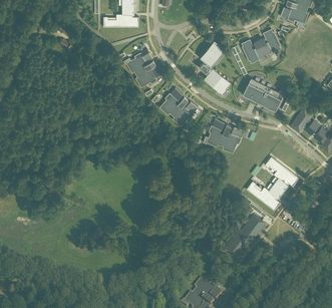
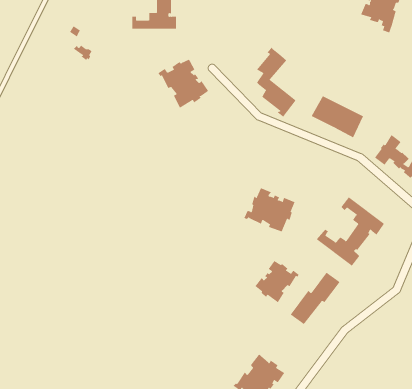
building: [240,28,280,63] -> none
building: [157,86,198,125] -> none
building: [202,117,243,152] -> [243,187,297,232]
building: none -> [254,259,300,303]

